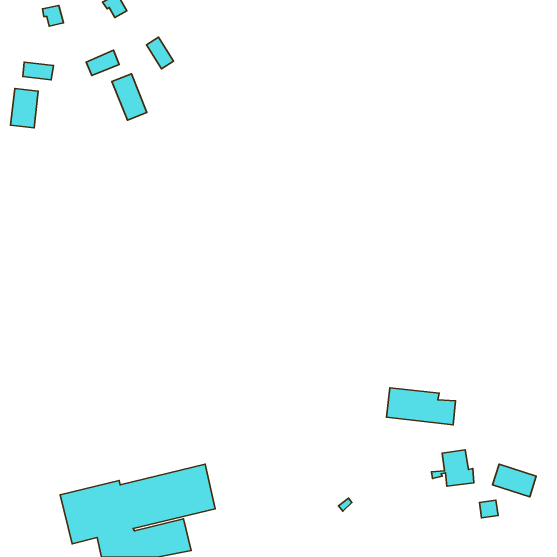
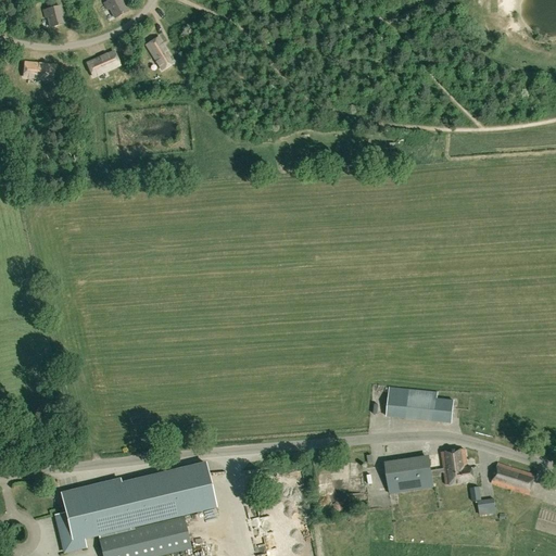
building: [112,74,147,120] -> none
building: [11,88,38,128] -> none
building: none -> [383,458,432,492]

